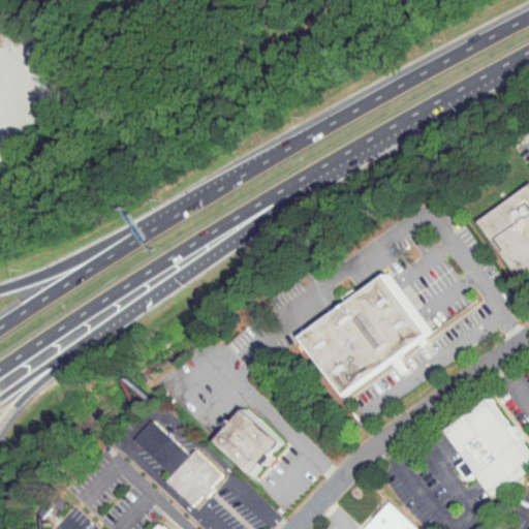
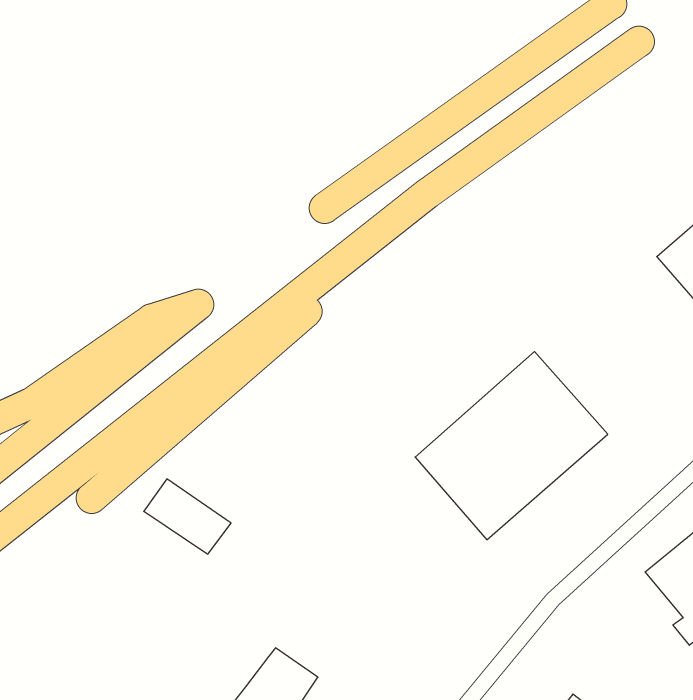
building: [213,408,280,474] -> none
building: [132,422,189,474] -> [144,479,231,554]

